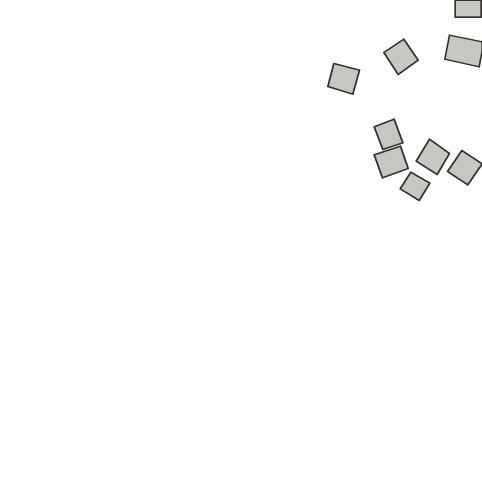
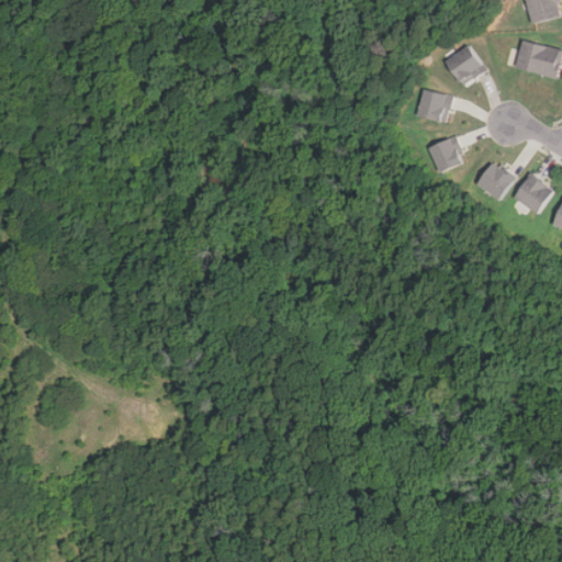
building: [328,64,359,94] -> [417,89,453,124]
building: [374,146,408,178] -> none
building: [400,172,430,201] -> none

